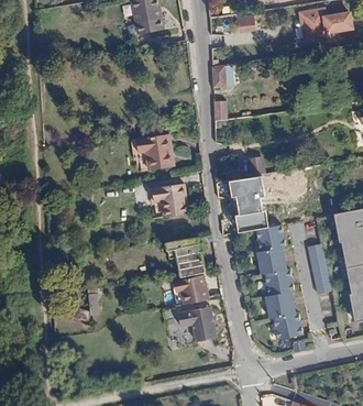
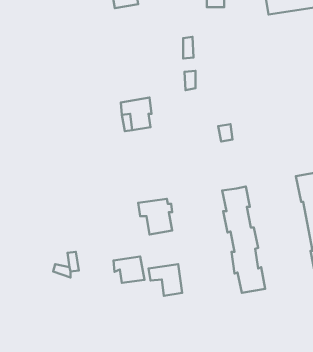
building: [231,177,270,232] -> none
building: [154,184,189,218] -> none
building: [306,244,332,295] -> none
building: [173,276,206,305] -> [114,256,144,283]

